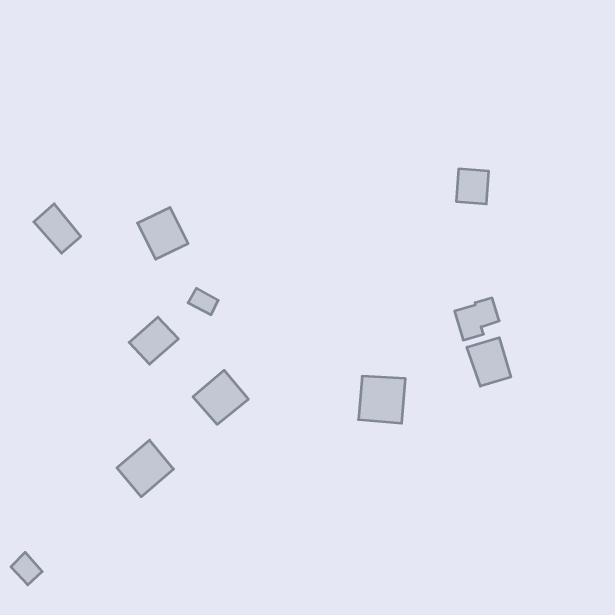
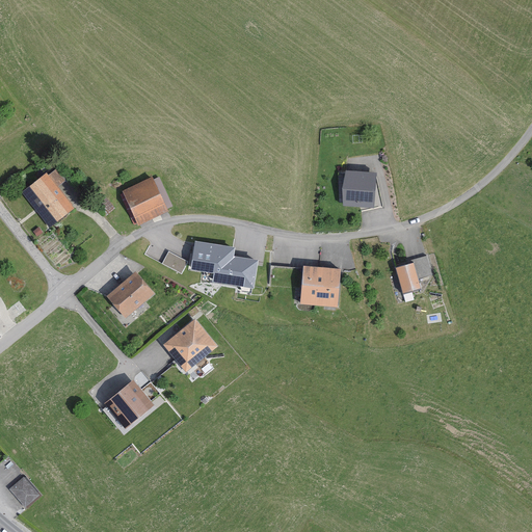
building: [456,169,489,204] -> [347,174,375,204]
building: none -> [193,241,260,288]
building: [467,338,511,386] -> none
building: [358,376,405,423] -> [297,267,338,308]

